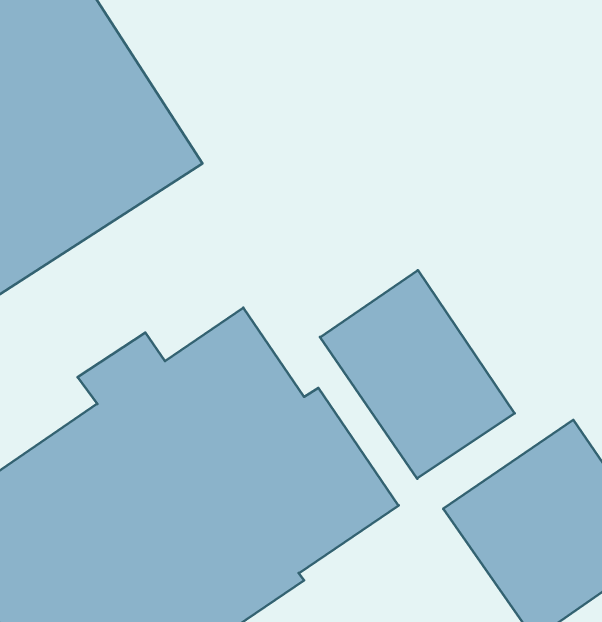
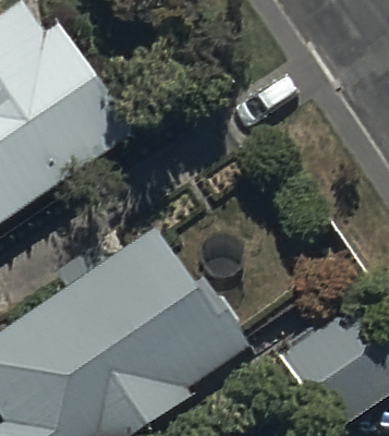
building: [320,270,515,479] -> none

